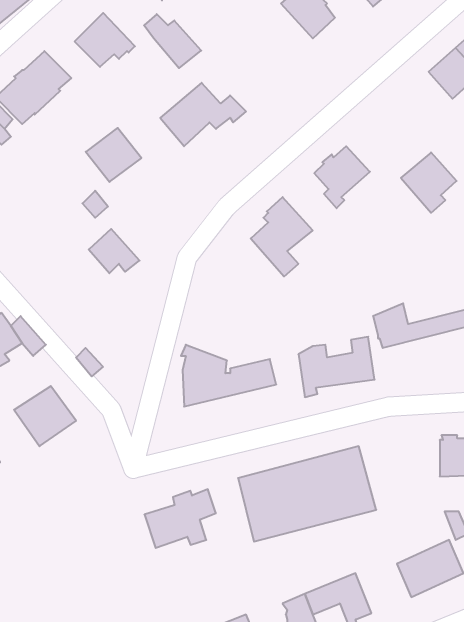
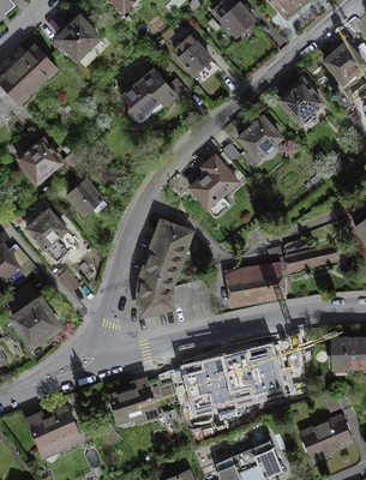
building: [144,14,201,68] -> [173,38,216,79]
building: [86,128,141,182] -> [18,139,60,180]
building: [401,152,457,213] -> [278,80,320,126]
building: none -> [26,210,77,262]
building: none -> [143,221,190,280]
building: none -> [28,407,79,456]

